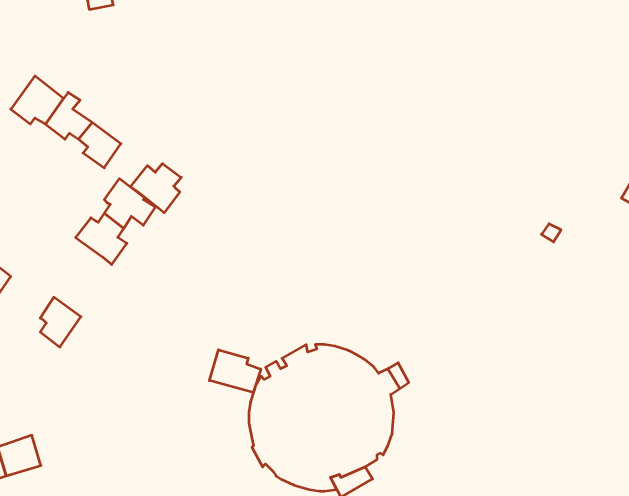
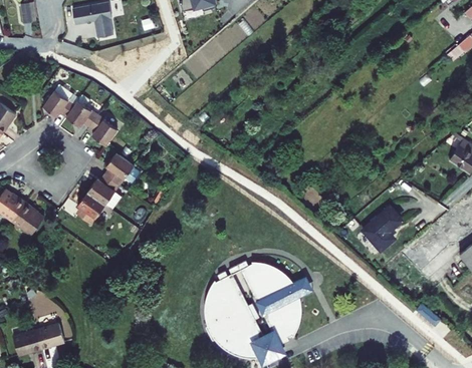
building: [130,164,181,213] -> none
building: none -> [366,204,402,246]
building: [40,297,81,347] -> [78,191,105,224]
building: [209,350,261,392] -> none

